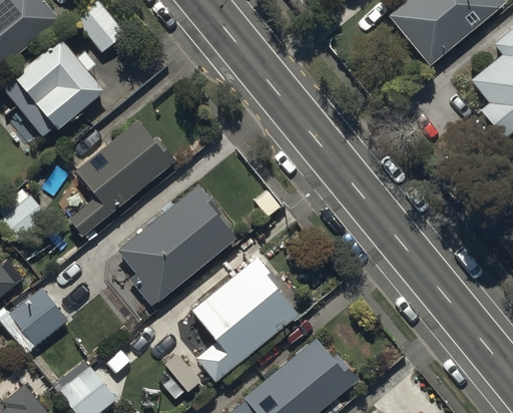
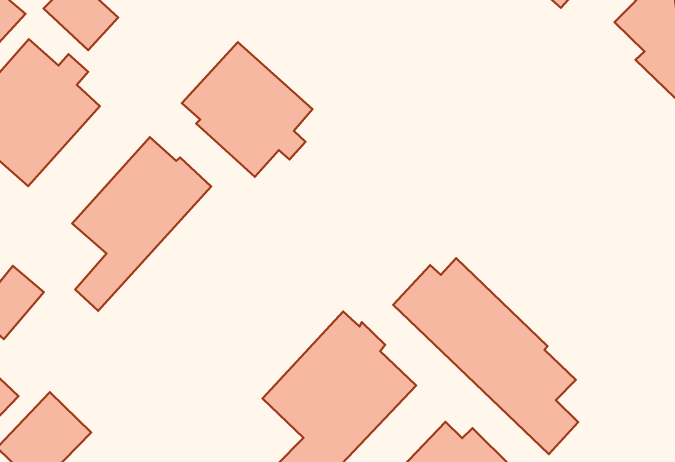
building: none -> [182,42,312,177]
building: [119,185,239,309] -> none
building: none -> [393,258,578,454]

